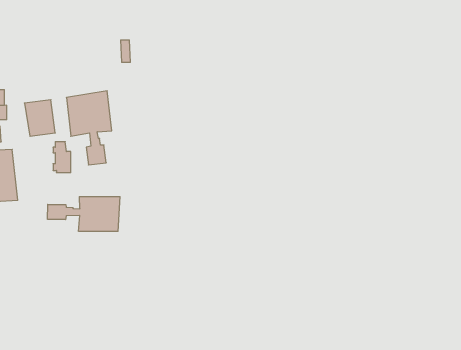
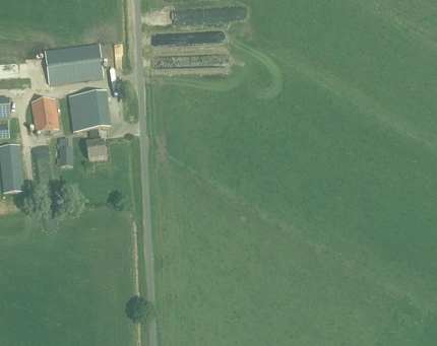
building: none -> [44,43,103,84]
building: [48,197,120,231] -> none

